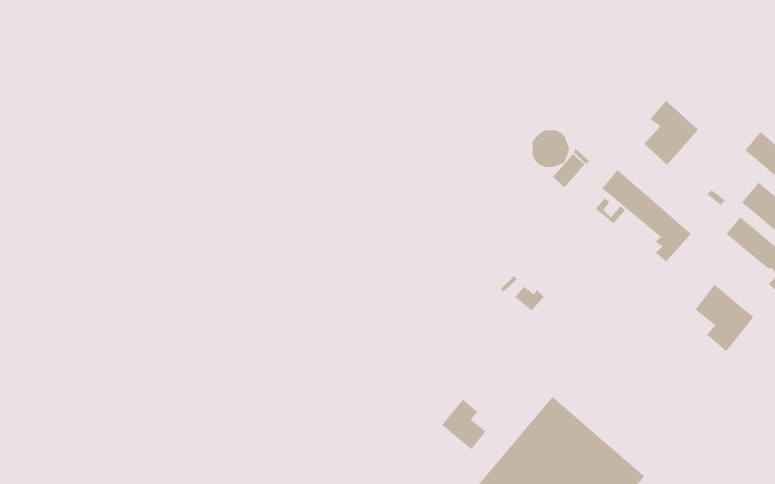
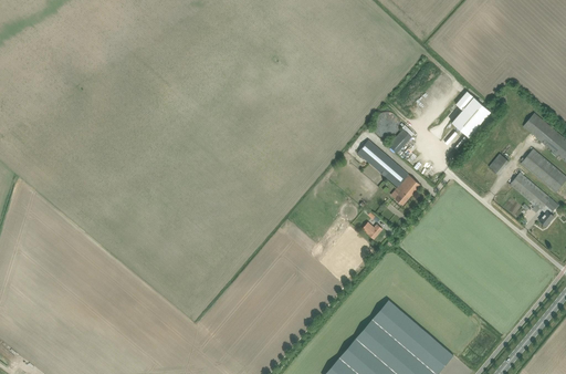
building: [602,169,691,262] -> [357,139,420,205]
building: [695,284,754,352] -> none
building: [442,399,486,450] -> none

